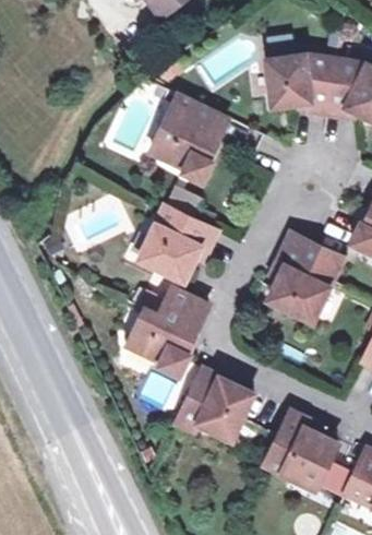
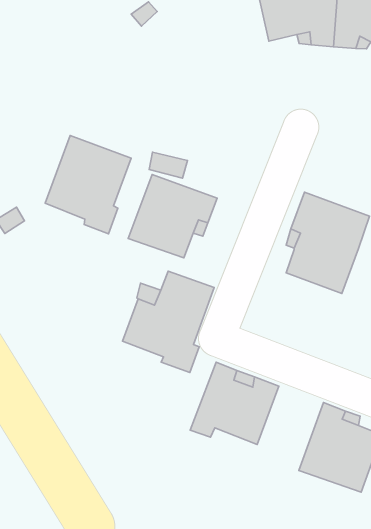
building: [153,95,228,180] -> [45,135,131,234]

